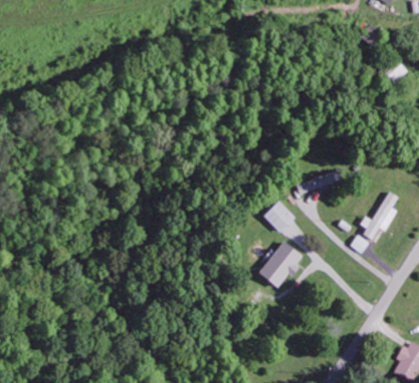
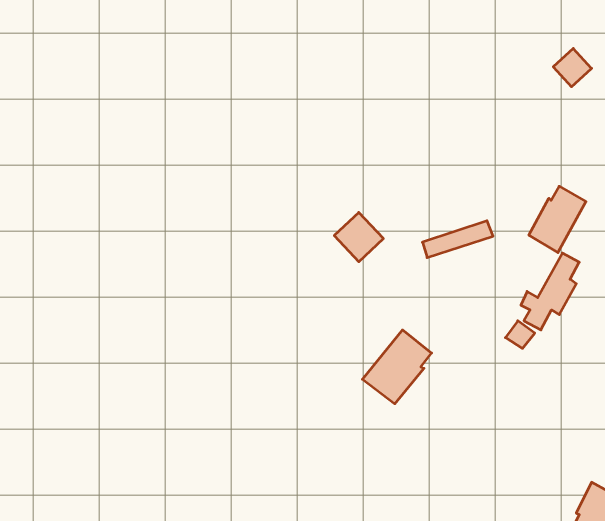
building: none -> [529,186,586,253]
building: [263,201,295,233] -> [334,212,383,262]

